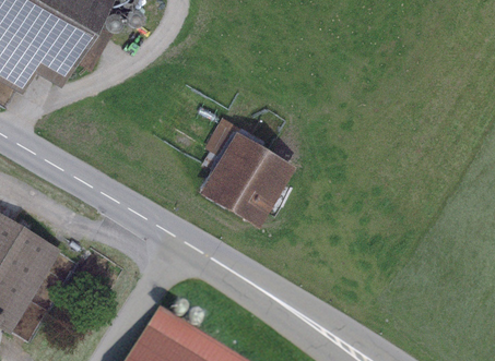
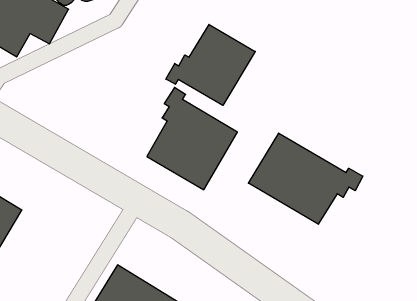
building: none -> [166,24,255,105]
building: none -> [248,133,363,224]

